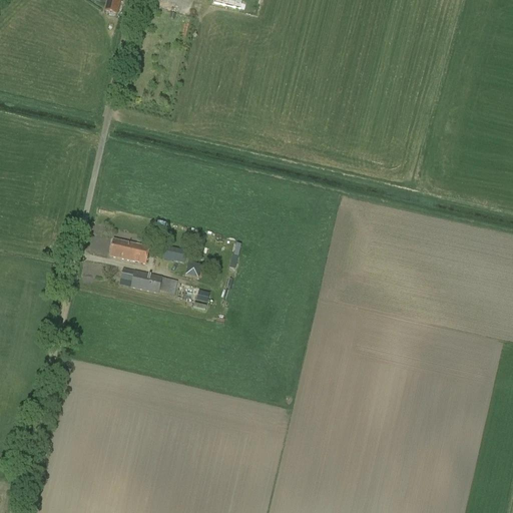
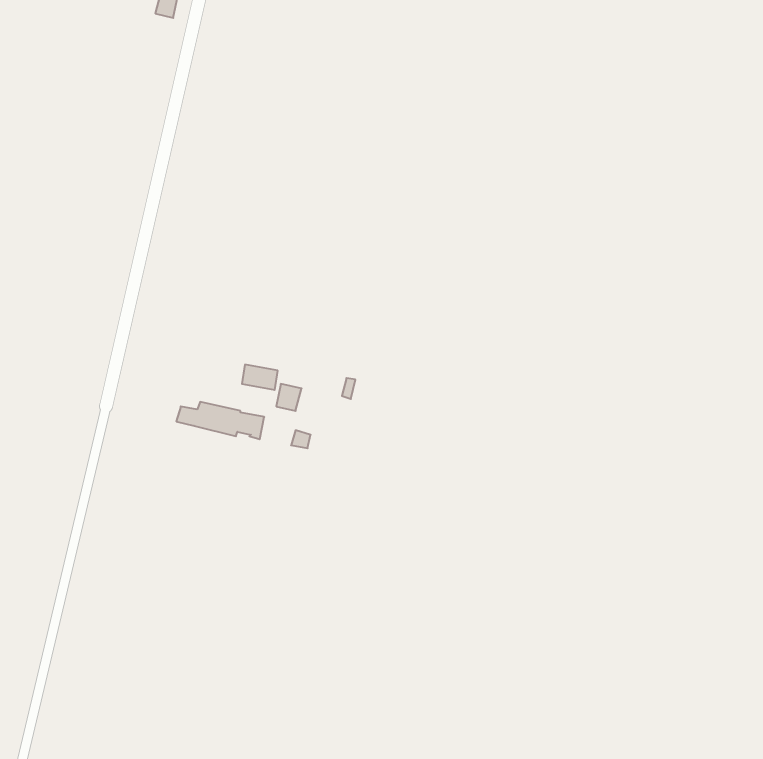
building: [109,238,149,263] -> none

